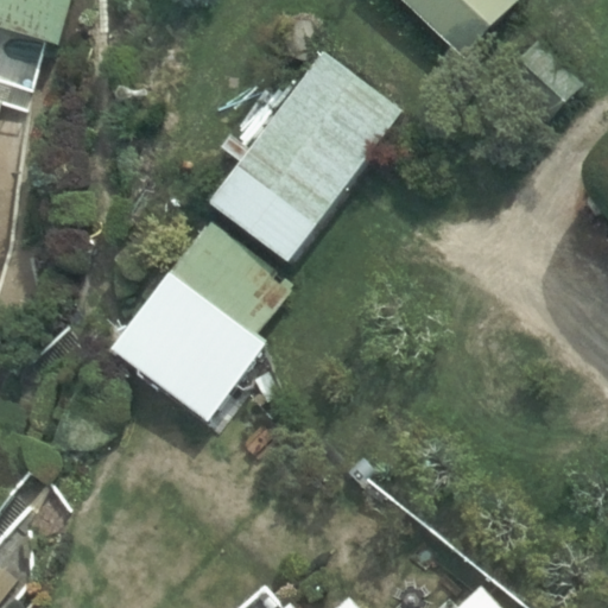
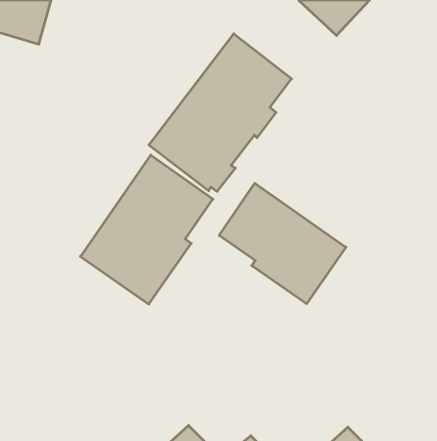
building: none -> [219,183,346,304]

